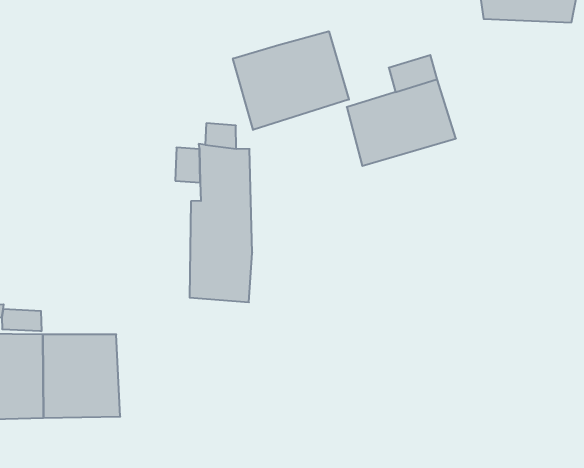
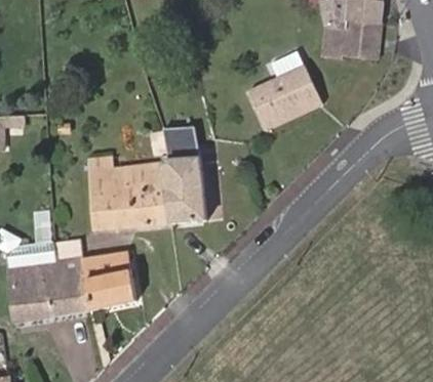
building: none -> [320,22,382,57]
building: [233,31,349,130] -> none
building: none -> [89,157,169,229]

